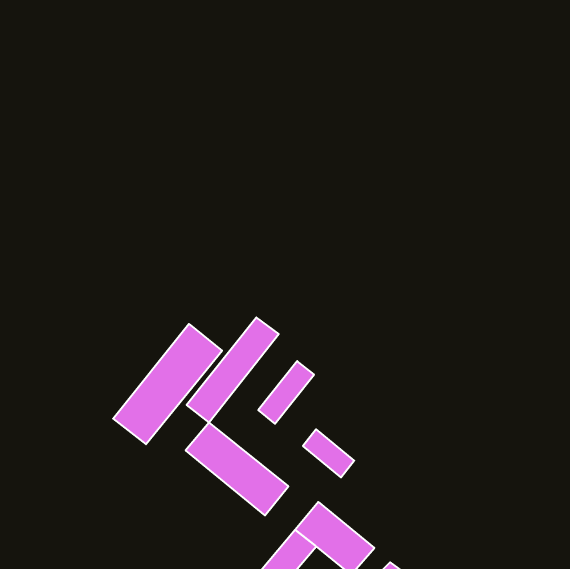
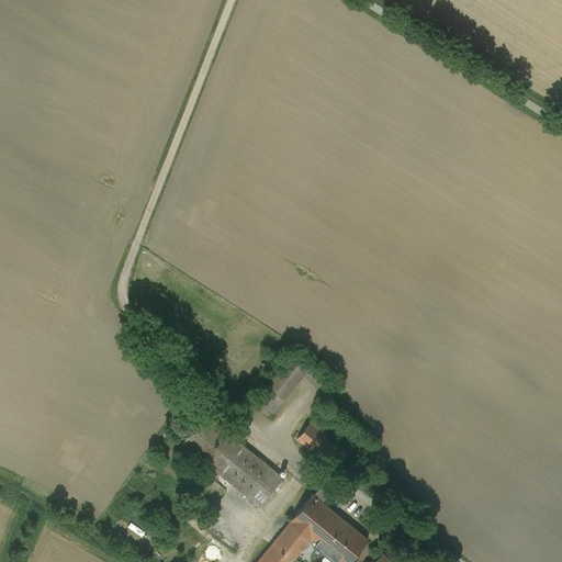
building: [187,317,279,423] -> none
building: [113,324,222,444] -> none

